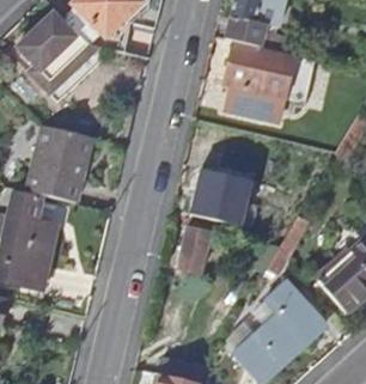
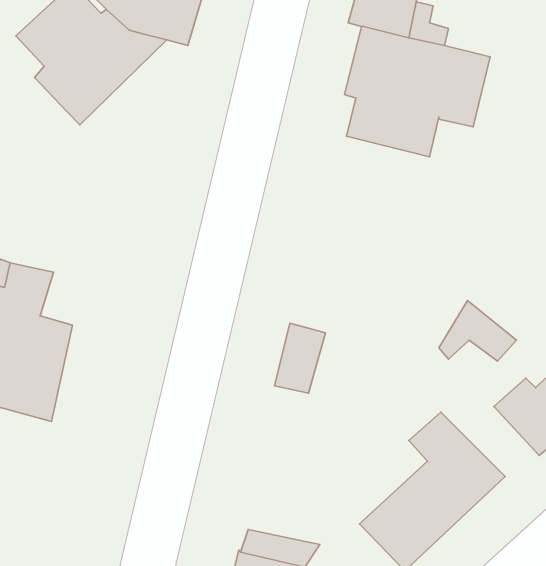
building: [26,121,92,200] -> none
building: [190,169,250,224] -> none

